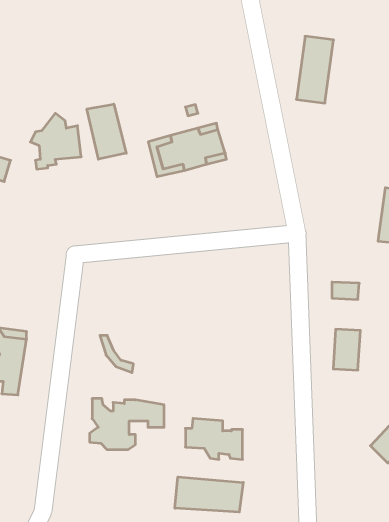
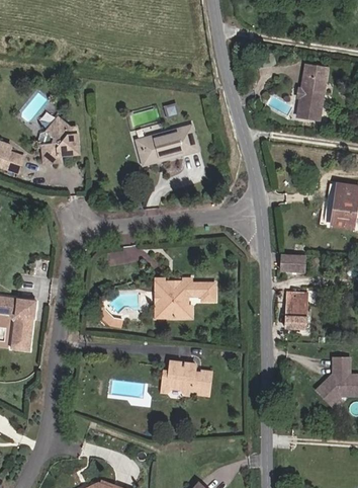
building: [296,36,334,103] -> [289,63,320,117]
building: [87,104,126,159] -> none
building: [90,399,164,450] -> [155,278,215,320]
building: [175,477,243,512] -> none

